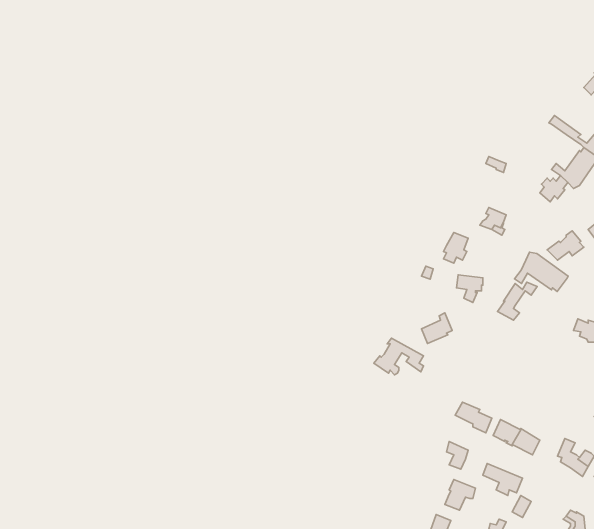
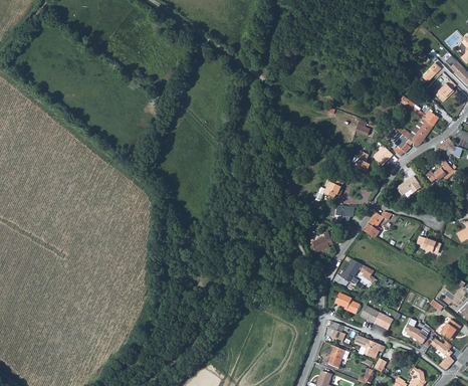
building: [514,252,568,292] -> none
building: [374,338,424,375] -> [339,258,374,283]

